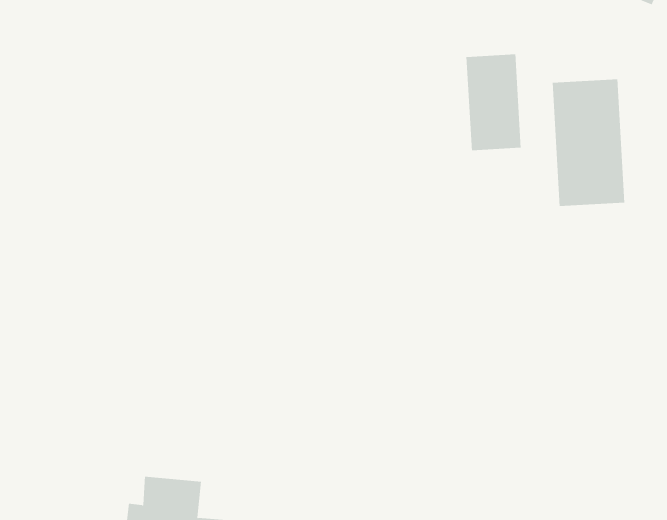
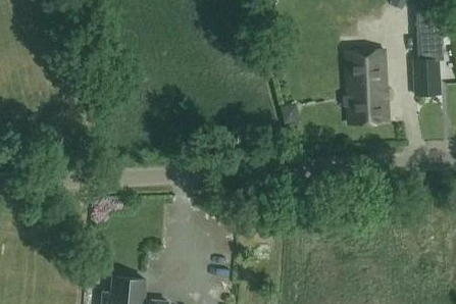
building: [466,53,521,151] -> none

